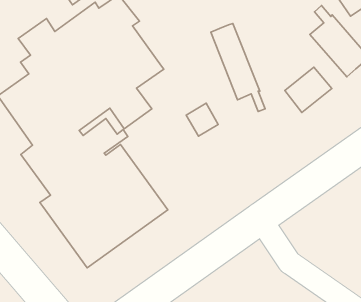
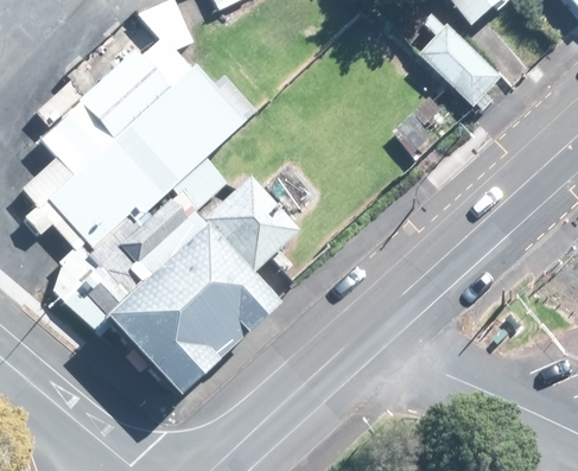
building: [211,24,265,111] -> none
building: none -> [202,180,298,276]

